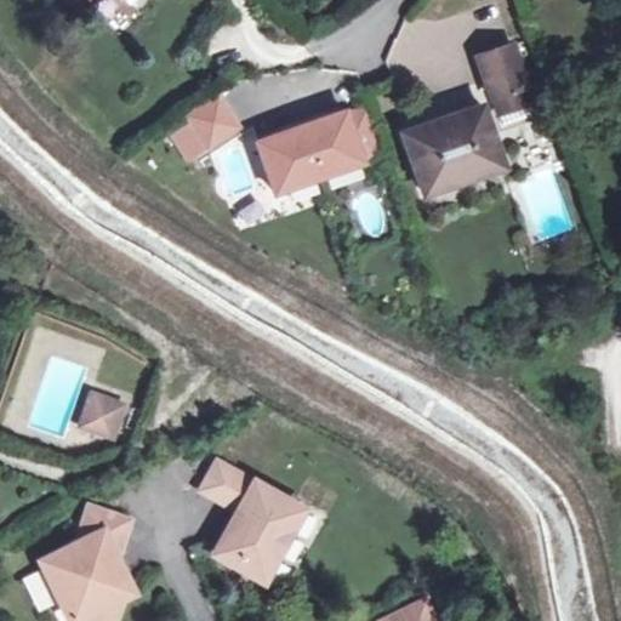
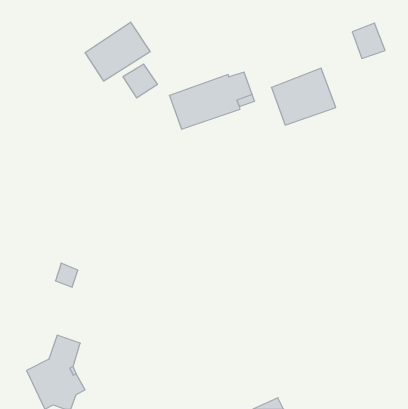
building: none -> [85,22,150,81]
building: [480,40,530,93] -> [352,23,385,58]
building: [195,466,297,581] -> none

